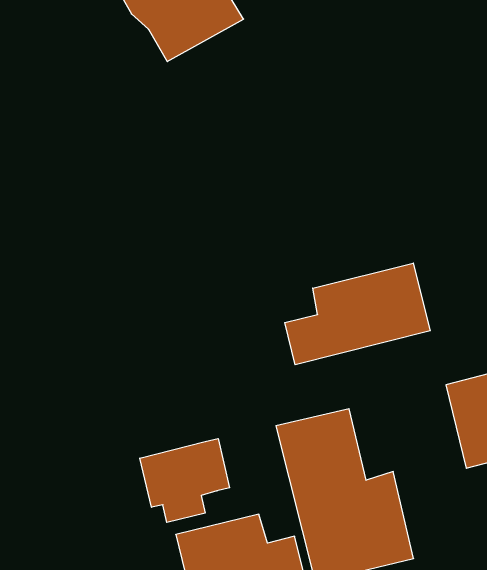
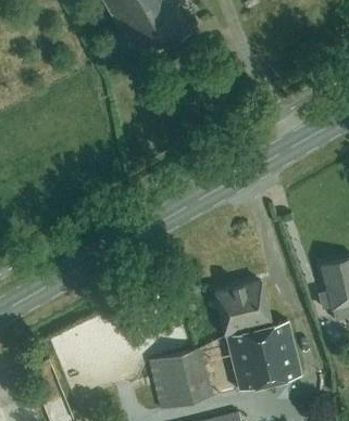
building: [285,263,430,365] -> none
building: [140,439,230,522] -> none

